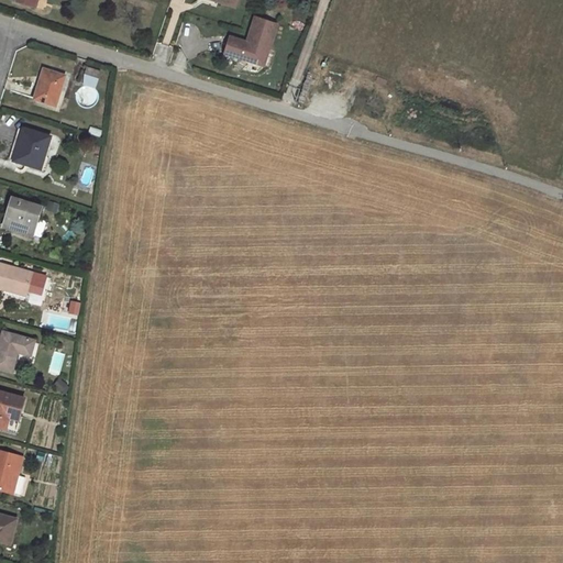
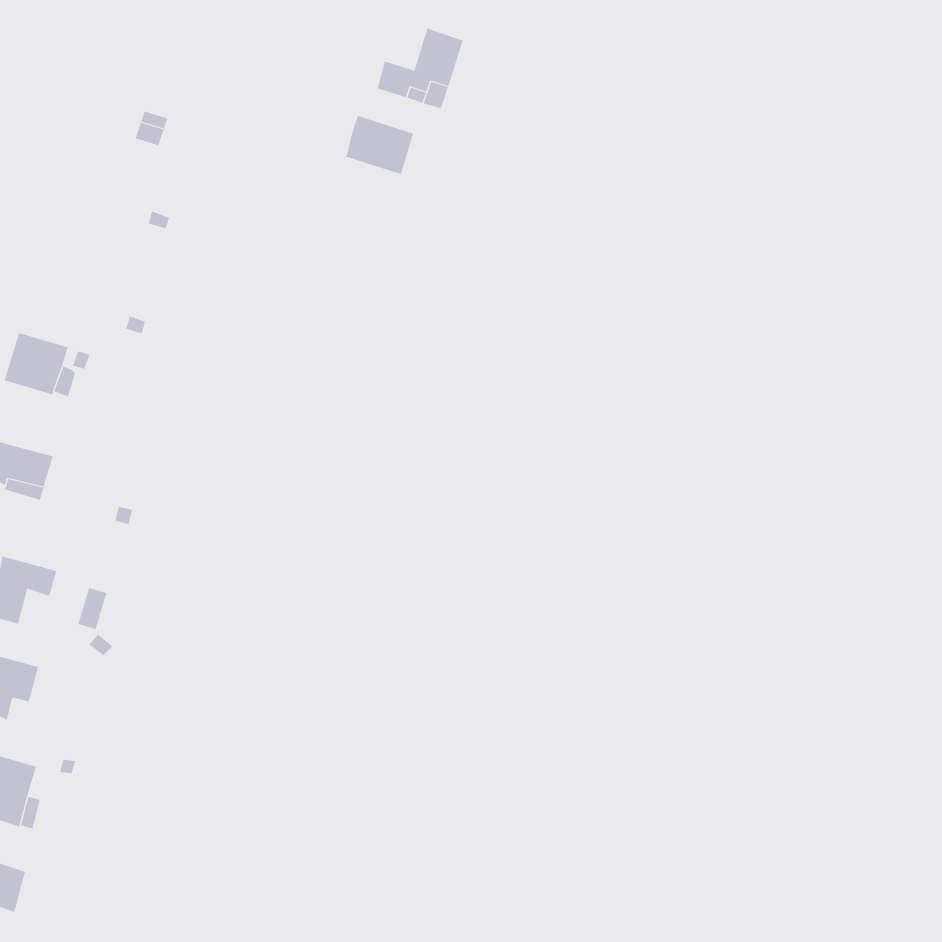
building: none -> [345,115,414,175]
building: [34,69,64,104] -> none
building: [13,129,49,168] -> none

